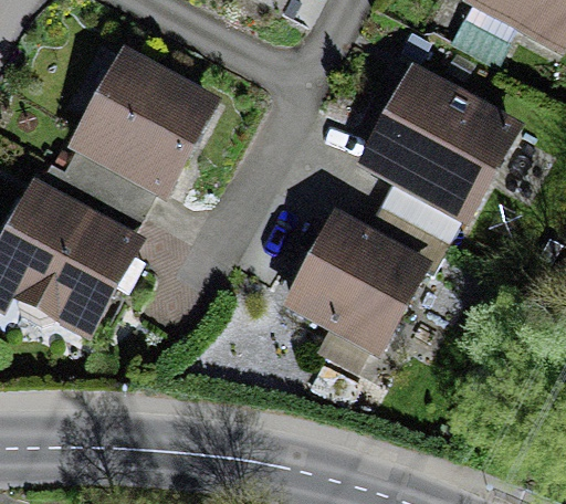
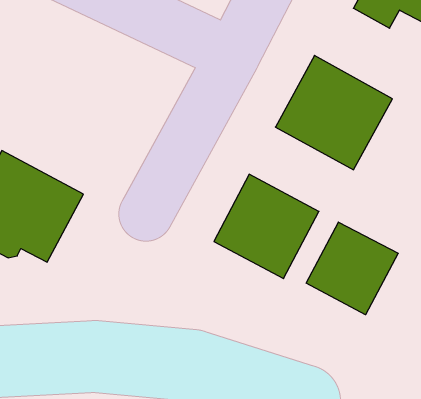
building: [80,61,208,188] -> none
building: none -> [306,222,398,315]

